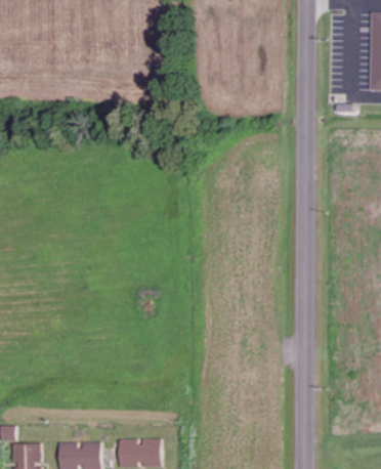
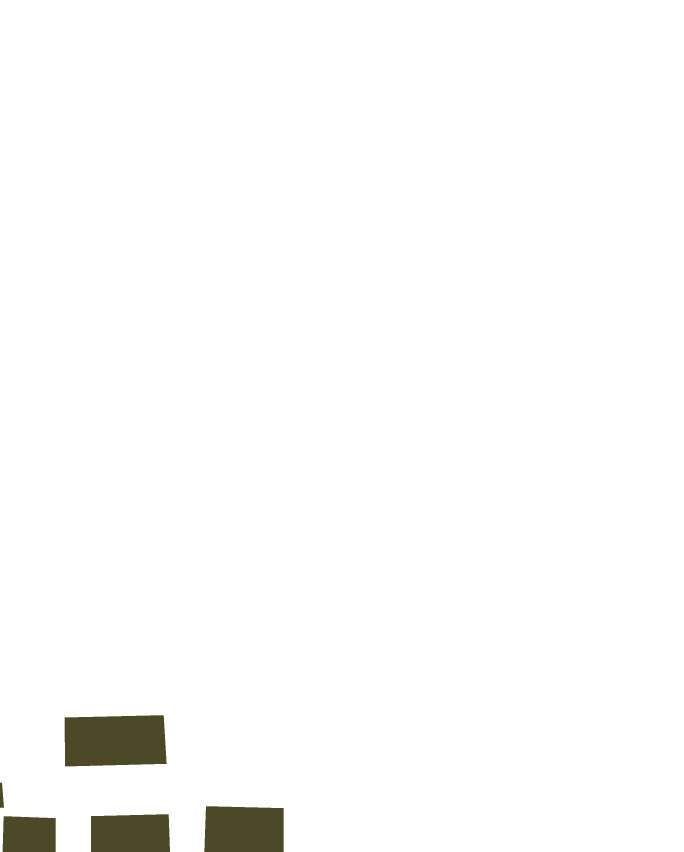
building: none -> [64,715,167,767]

